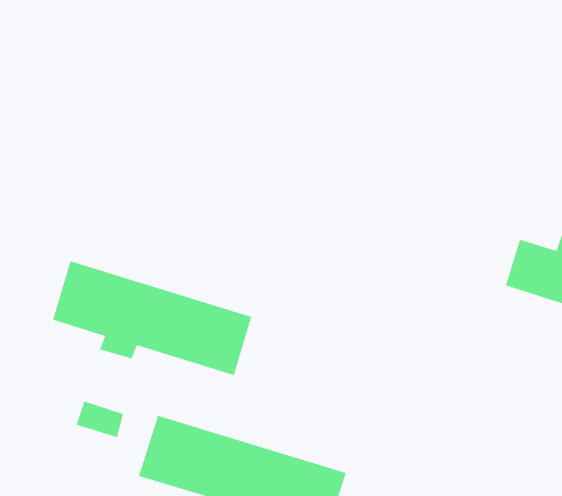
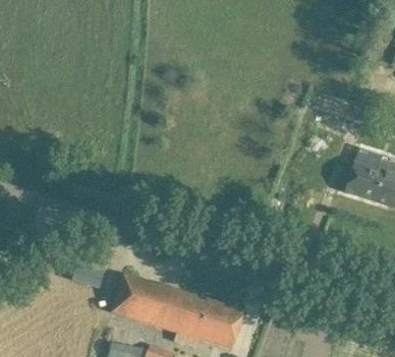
building: [52,261,252,376] -> none

